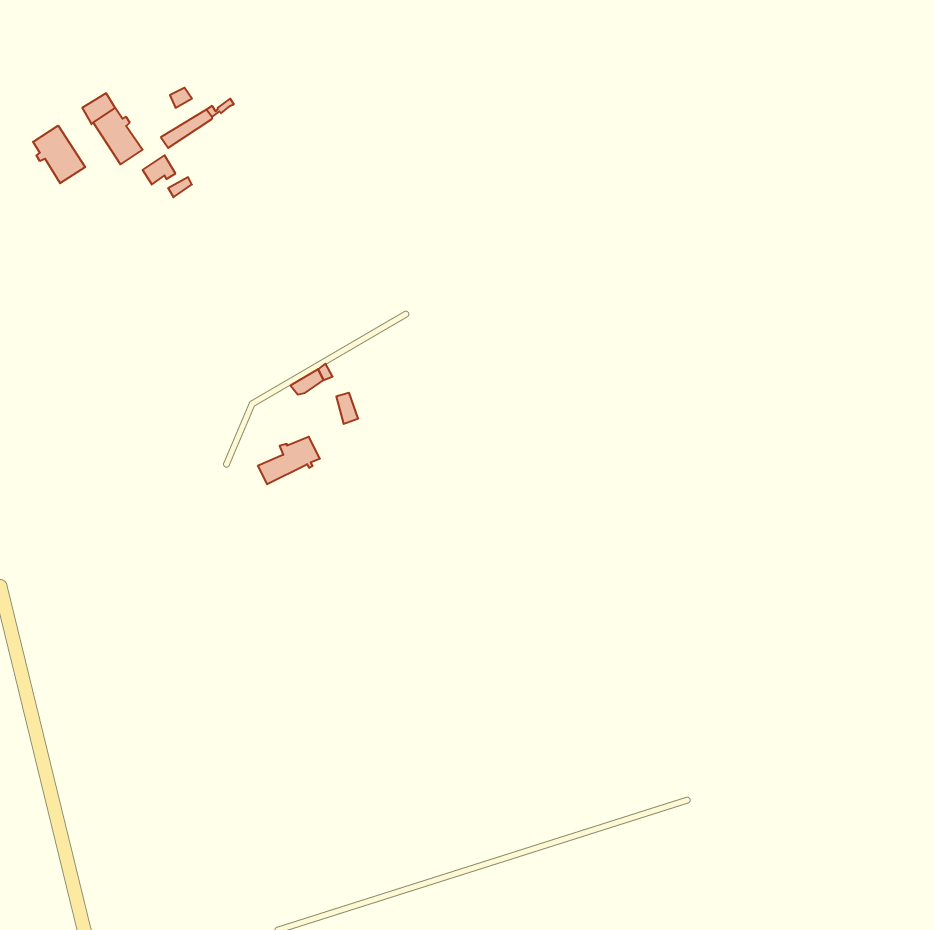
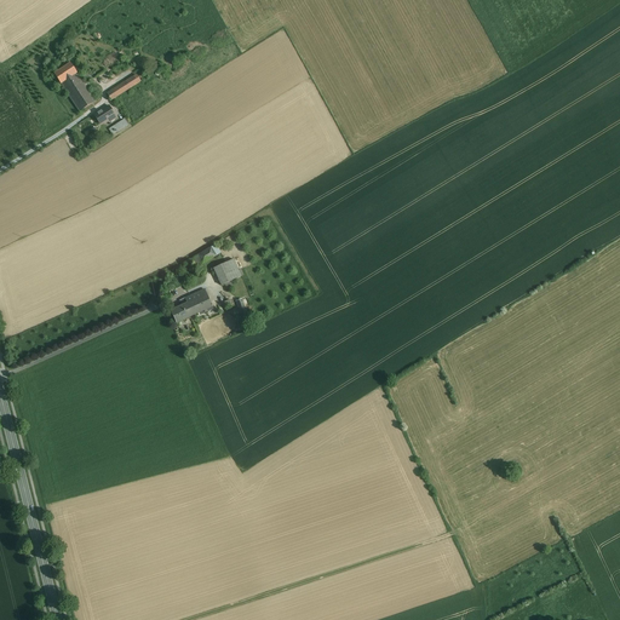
building: [33,126,85,183] -> none

